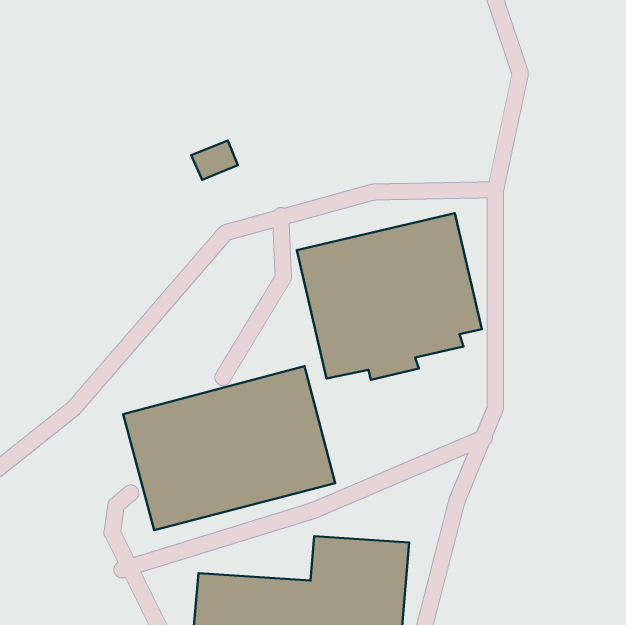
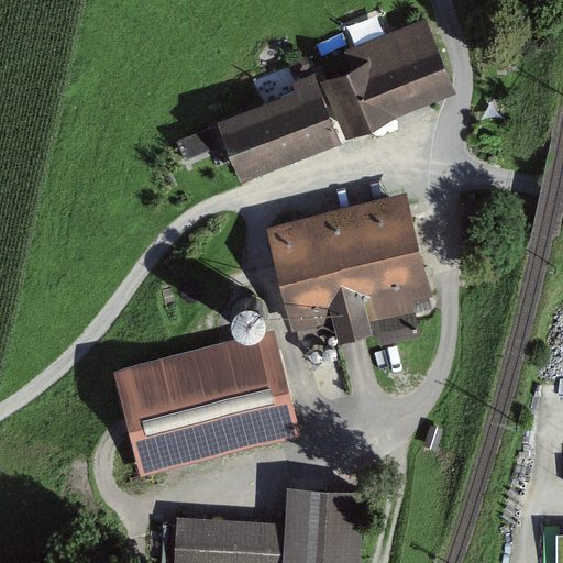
building: none -> [322,18,455,139]
building: none -> [216,73,341,184]

